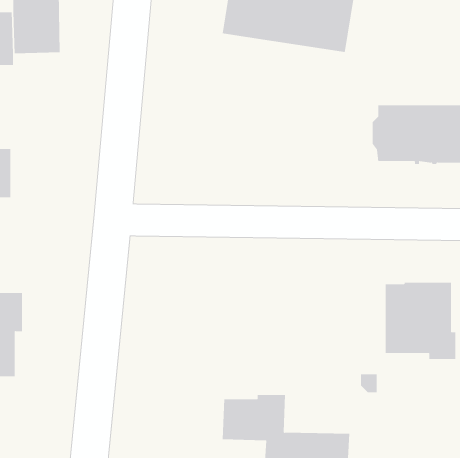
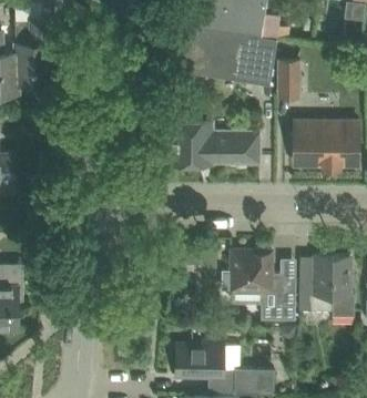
building: none -> [277,61,302,100]
building: none -> [170,121,259,165]
building: none -> [224,251,295,322]

